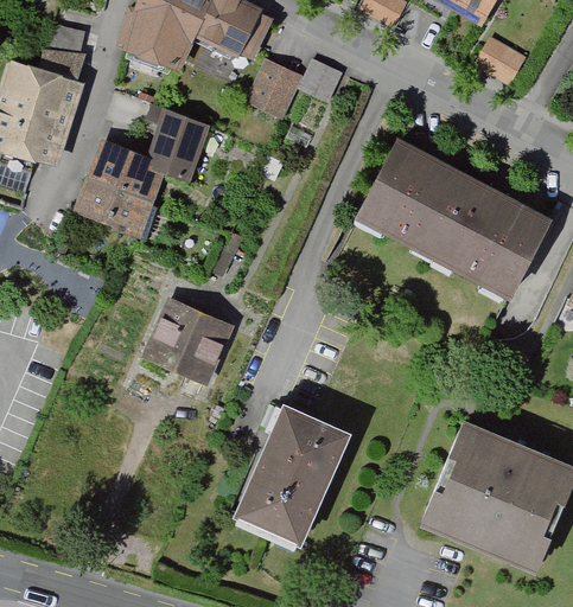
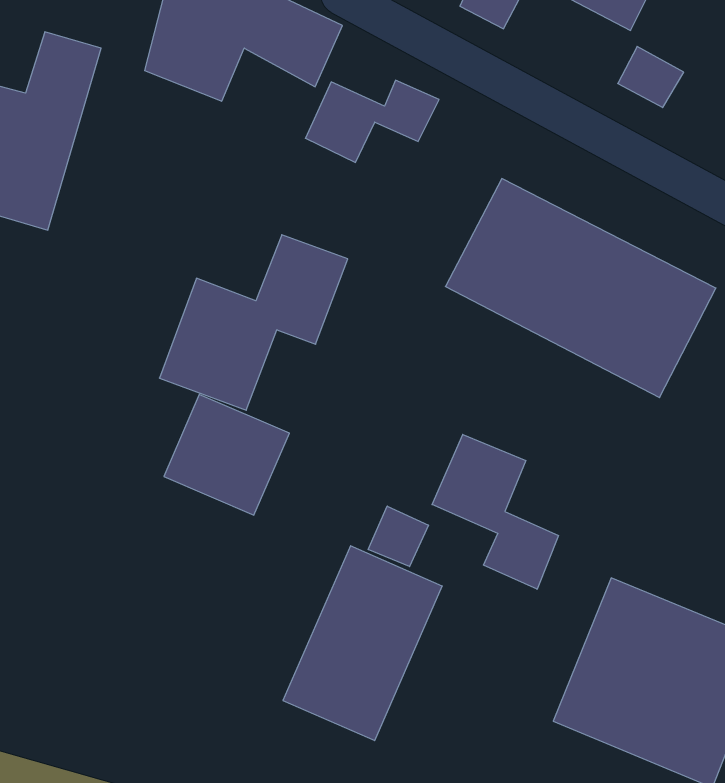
building: [76,110,215,239] -> [159,235,348,410]
building: none -> [432,434,558,589]
building: none -> [368,506,428,567]

